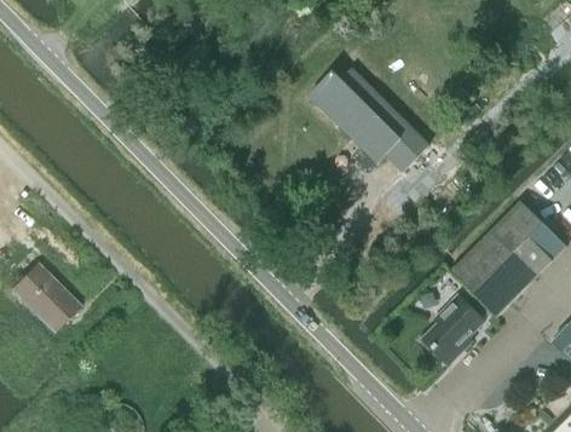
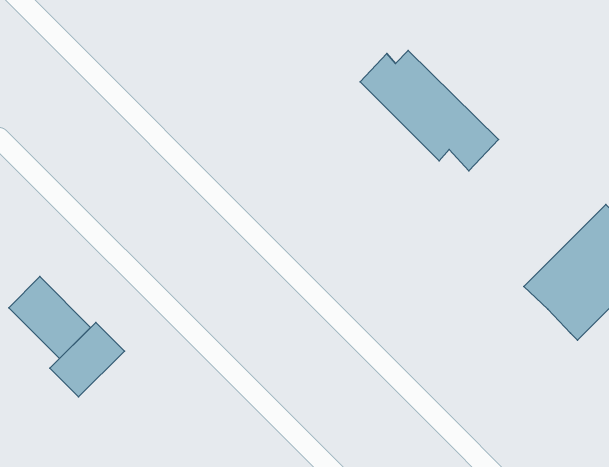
building: [422,289,490,364] -> none
building: none -> [50,322,124,397]

